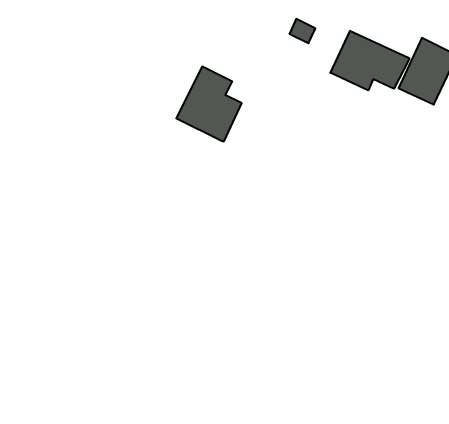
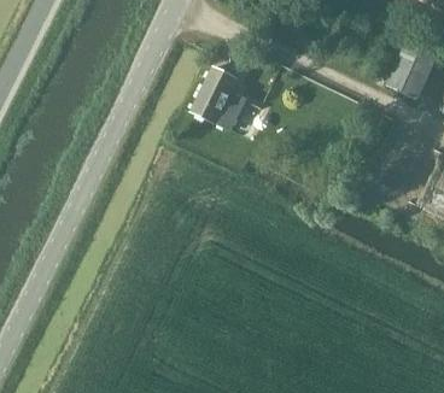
building: [330,31,409,90] -> none

